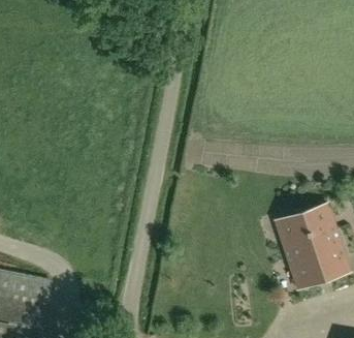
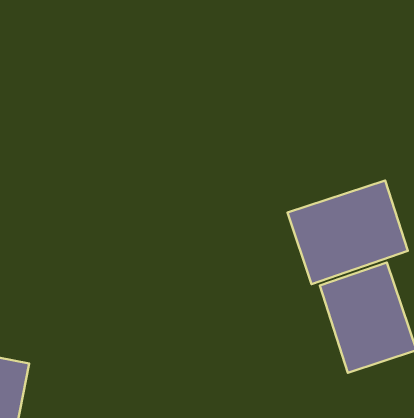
building: none -> [288,180,408,284]

